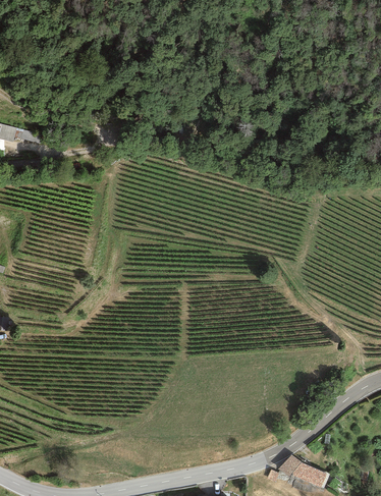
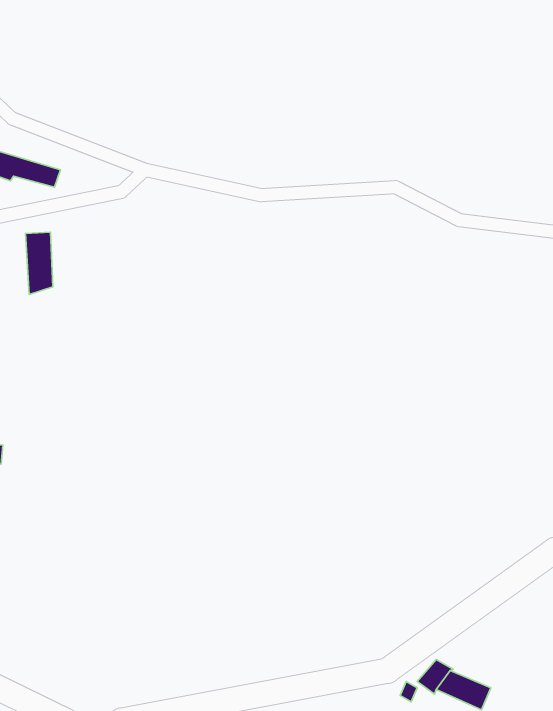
building: none -> [25,232,53,295]

